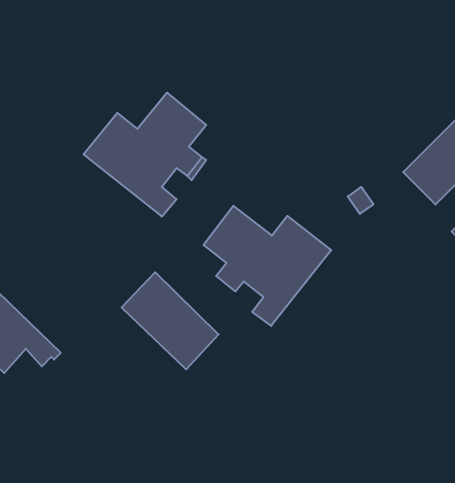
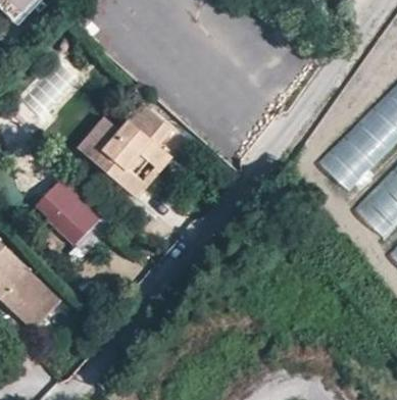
building: [204,206,331,326] -> none
building: [122,272,219,369] -> [37,179,110,252]

